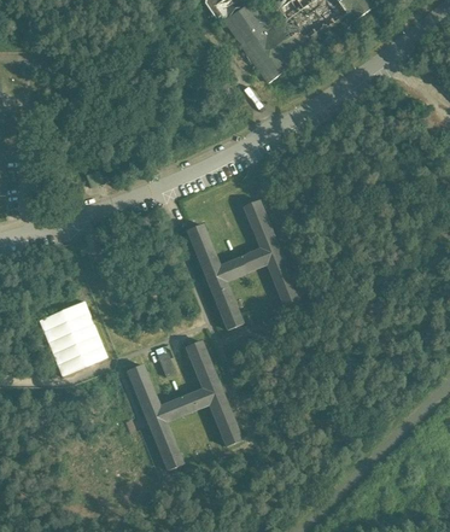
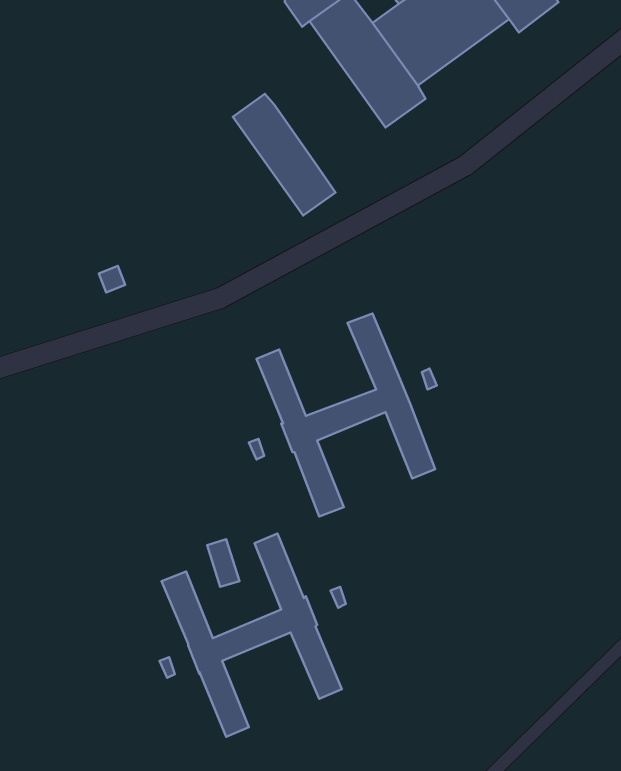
building: none -> [233,94,335,215]
building: [39,300,107,375] -> none

